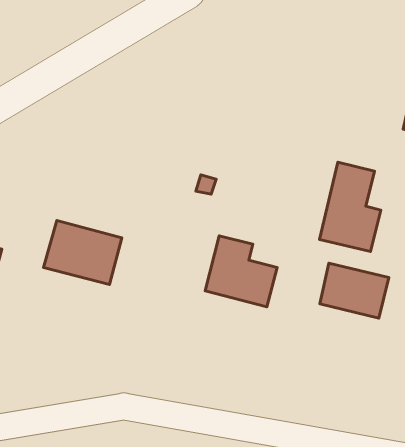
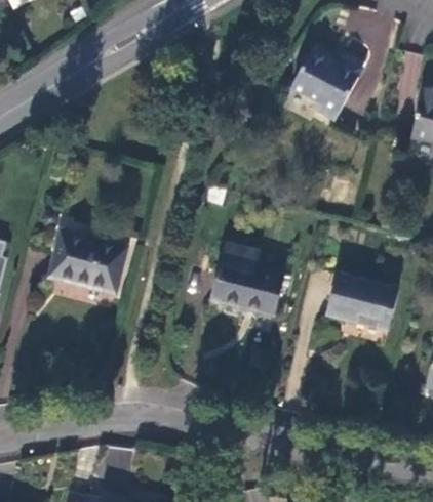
building: none -> [290,52,361,121]
building: [320,162,381,251] -> none

